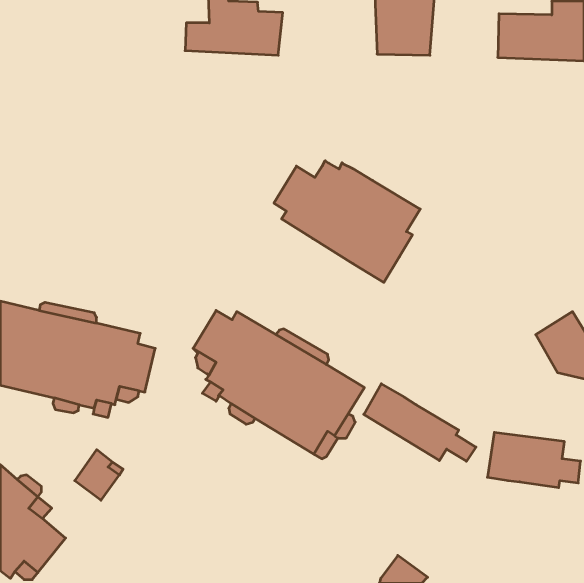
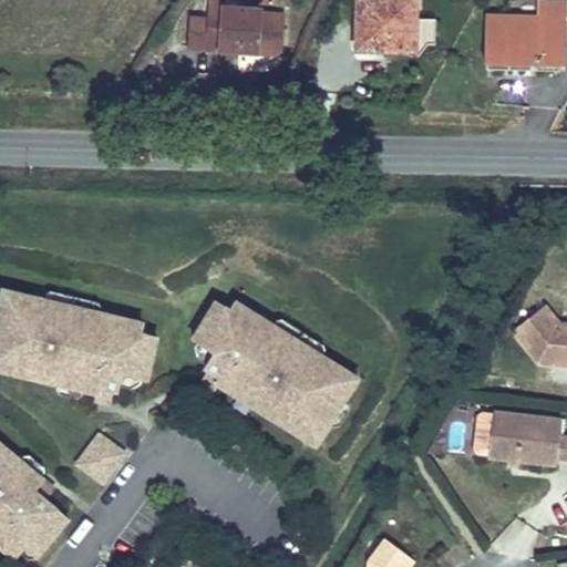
building: [274,161,420,282] -> none
building: [364,384,476,461] -> none

